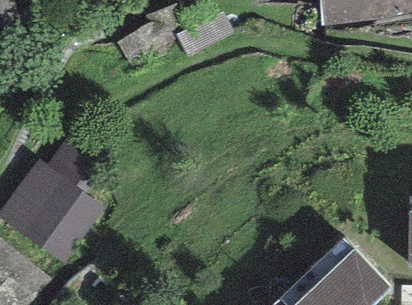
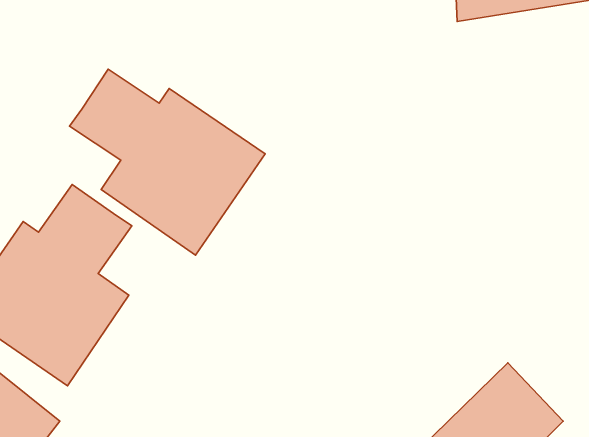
building: none -> [70,69,265,255]

